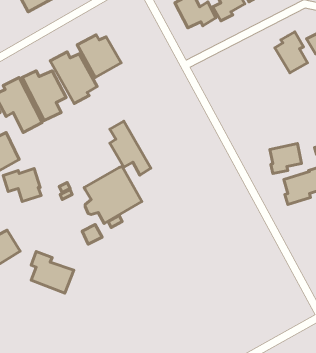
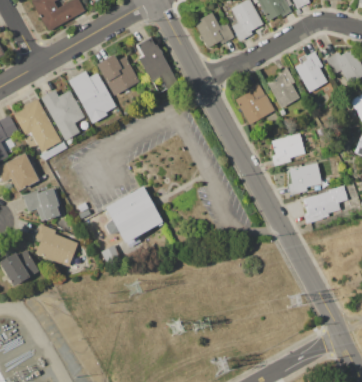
building: none -> [266,67,299,108]
building: none -> [235,82,274,124]
building: none -> [272,133,305,165]
building: [110,121,151,175] -> [138,36,179,90]
building: [31,251,74,293] -> [35,224,78,266]

